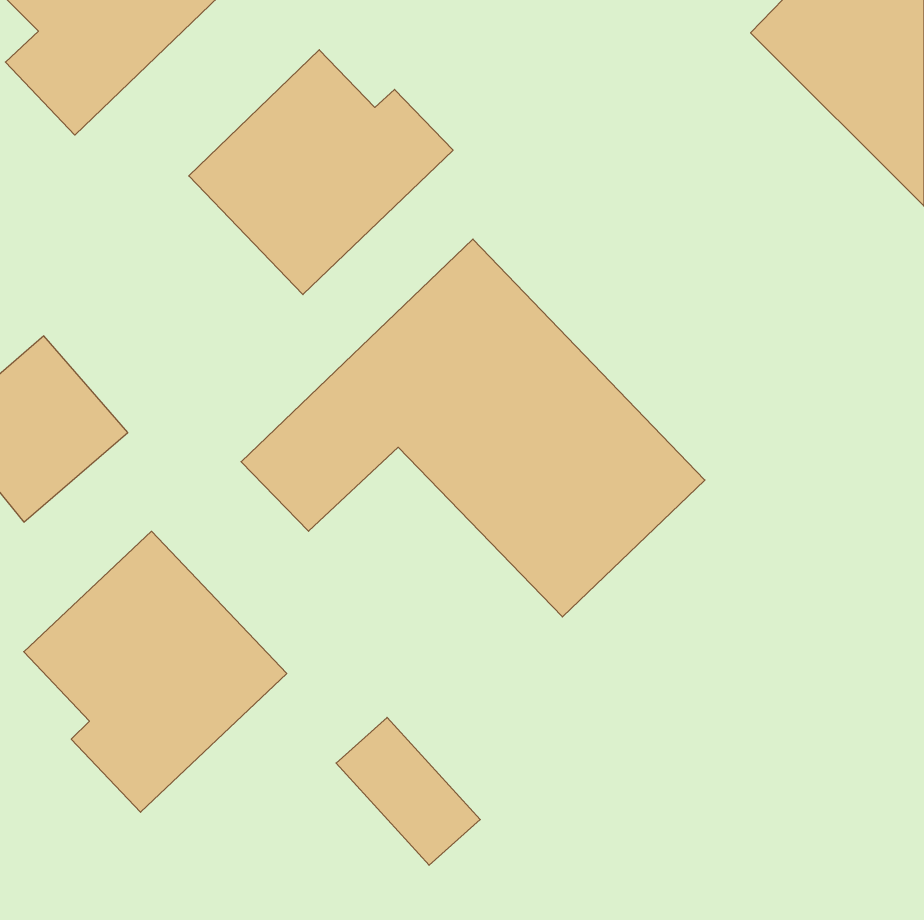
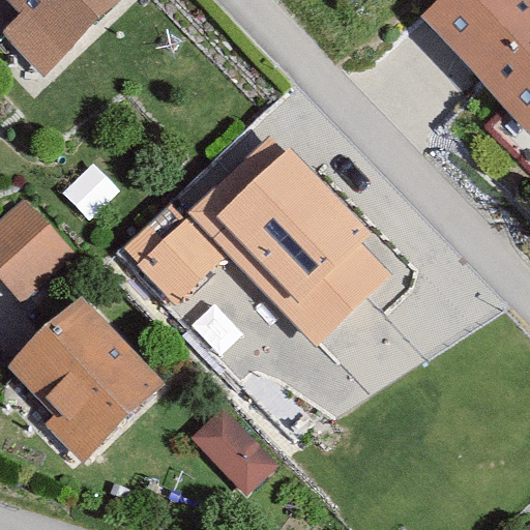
building: [189,50,453,295] -> none

